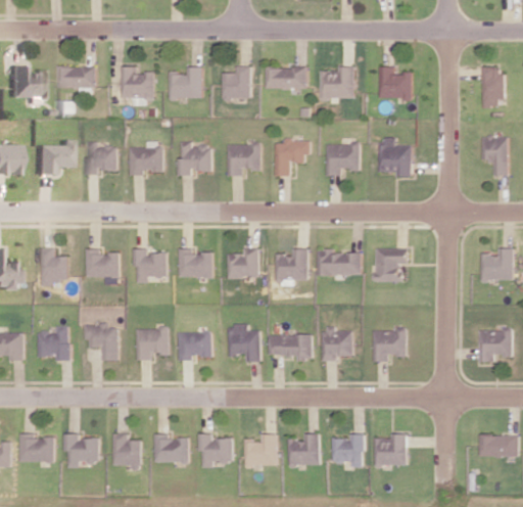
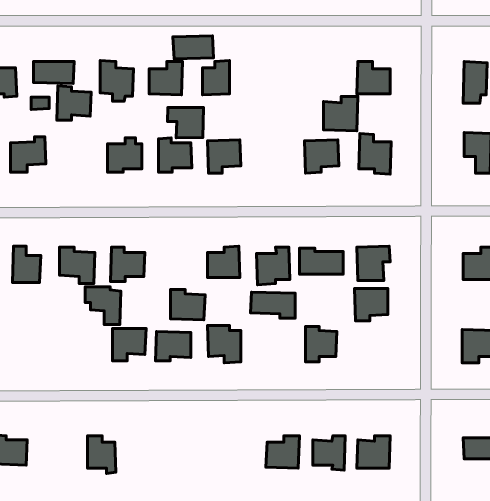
building: [318,65,351,99] -> [324,96,358,131]
building: [265,66,304,89] -> [173,36,214,59]
building: none -> [167,107,204,138]
building: [276,139,308,176] -> none
building: [84,141,117,175] -> [57,86,91,120]
building: [180,248,213,278] -> [171,290,205,320]
building: [83,324,117,361] -> [85,287,121,324]
building: [36,326,67,361] -> none
building: [375,329,408,361] -> [354,289,388,321]
building: [270,334,314,360] -> [250,292,295,318]
building: [64,433,97,467] -> none
building: [152,433,186,462] -> none
building: [198,433,230,467] -> none
building: [242,433,275,466] -> none

